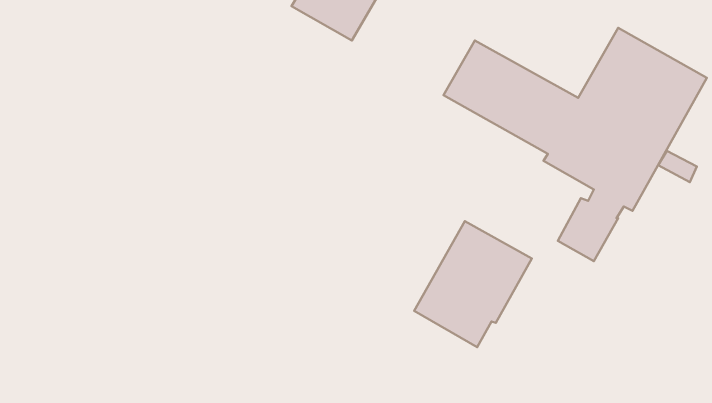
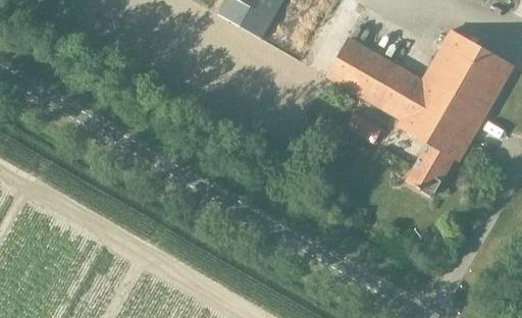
building: [414,221,532,347] -> none

